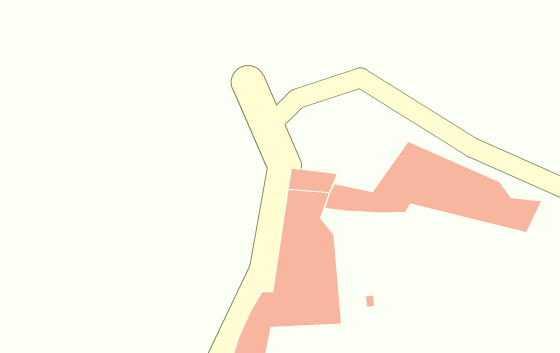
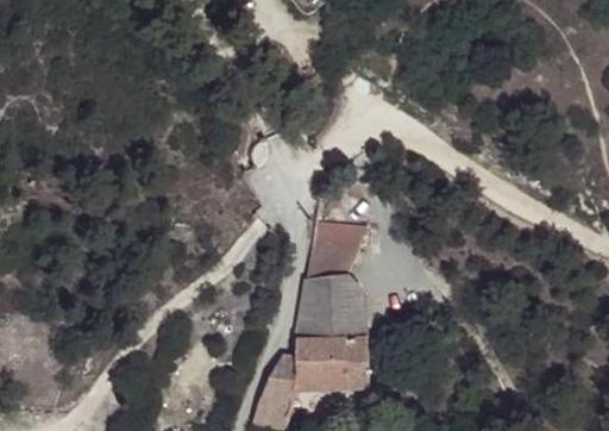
building: [325,141,542,233] -> none

